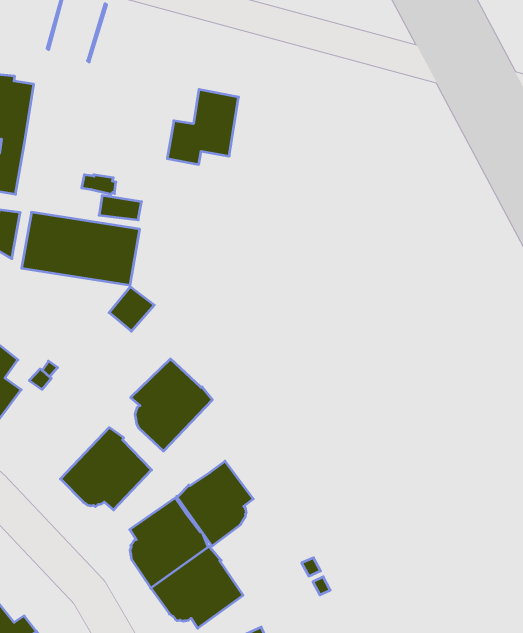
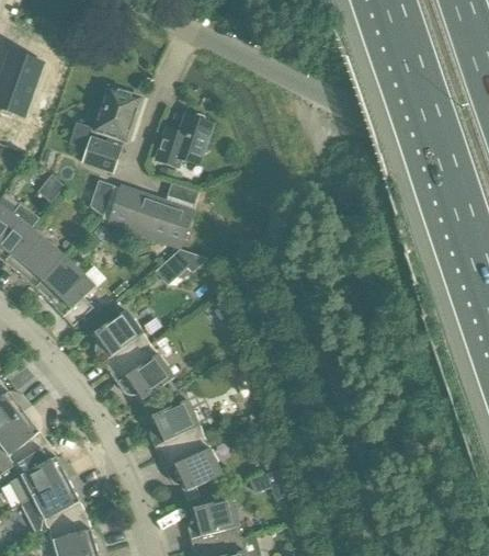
building: [167,89,239,164] -> [156,114,212,166]
building: [131,359,212,451] -> [93,309,149,372]
building: [177,461,253,546] -> none

